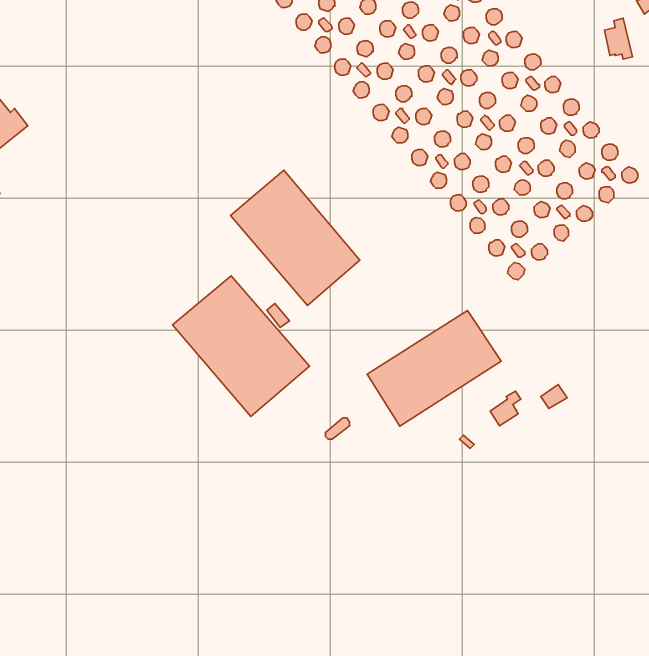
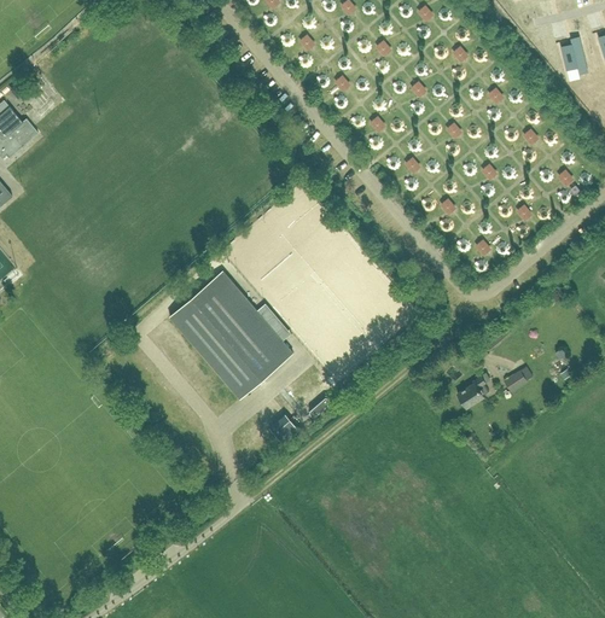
building: [230,170,360,306] -> none
building: [367,310,501,426] -> none

